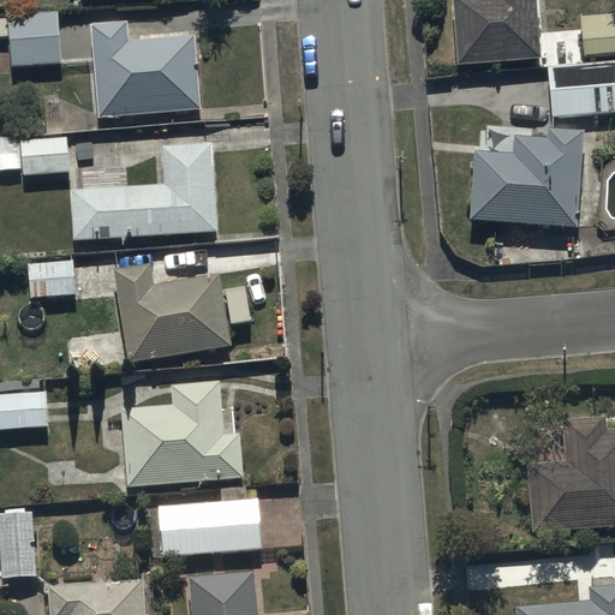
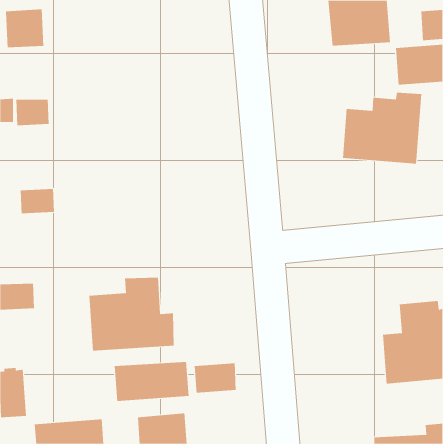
building: [90,22,201,118] -> none
building: [70,143,216,238] -> none
building: [115,264,231,360] -> none
building: none -> [194,362,236,393]

